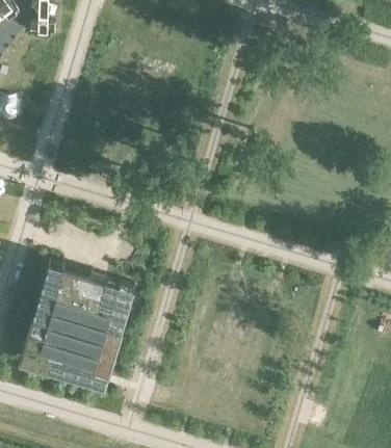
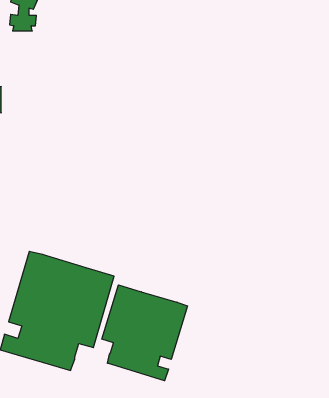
building: none -> [102,285,187,381]

